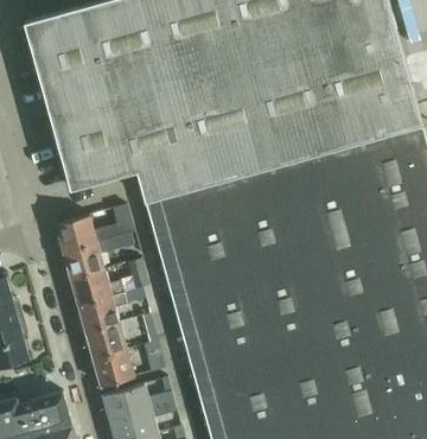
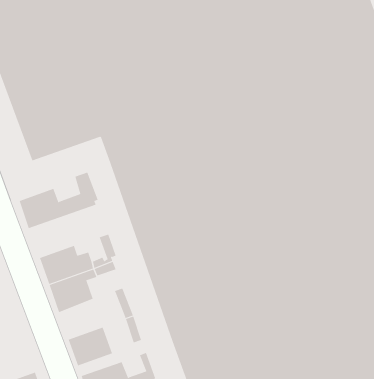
building: [64,236,133,282] -> none
building: [87,325,128,362] -> none

